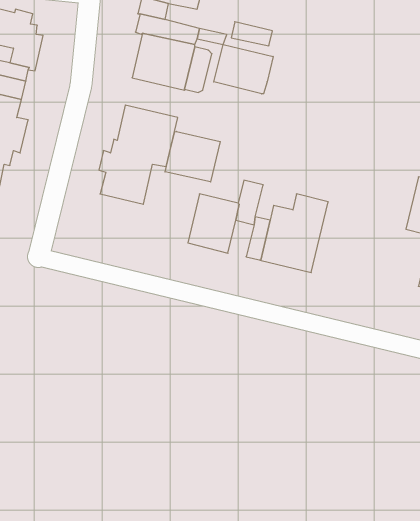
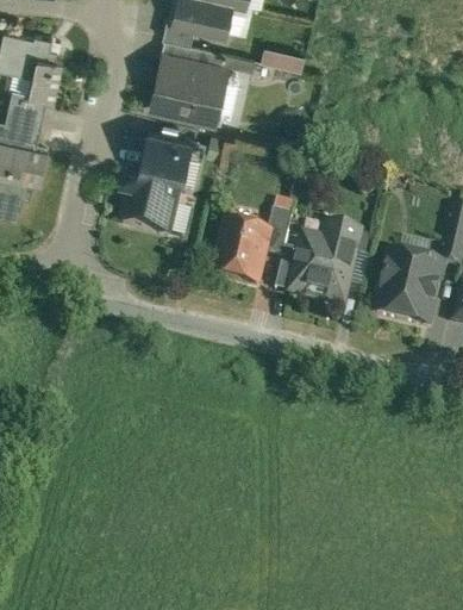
building: [214,45,273,94] -> none
building: [165,131,220,182] -> none
building: none -> [375,254,442,326]

